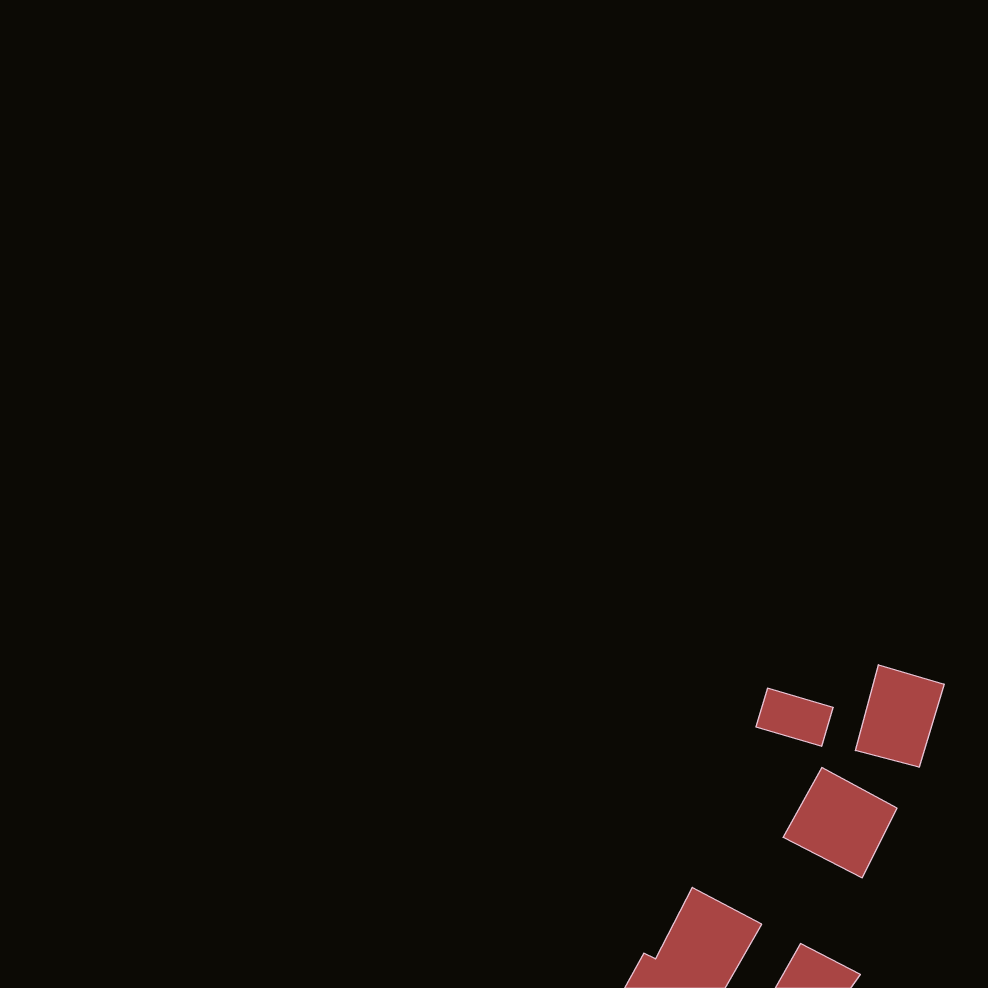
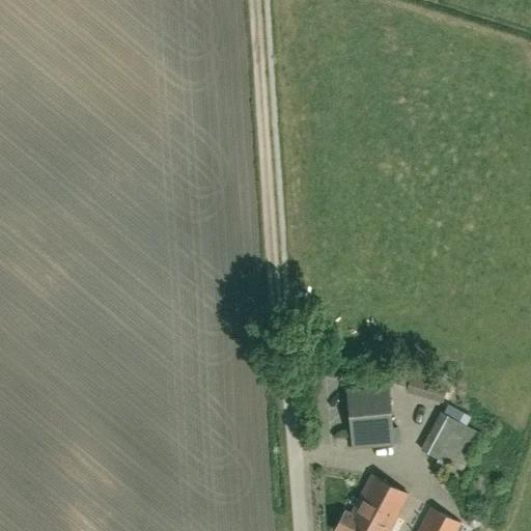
building: [855,665,944,767] -> none
building: none -> [346,387,392,448]

